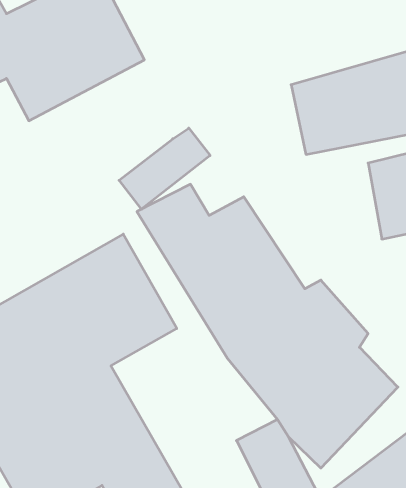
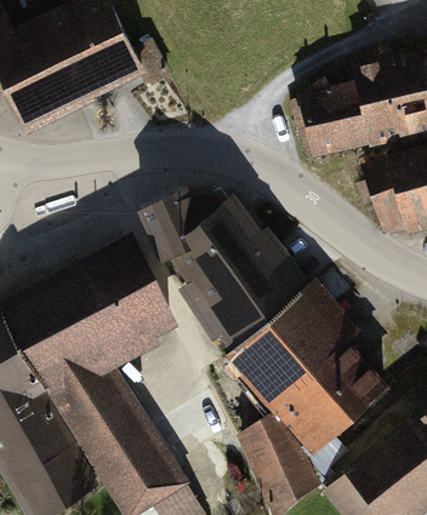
building: [119,128,210,209] -> none

